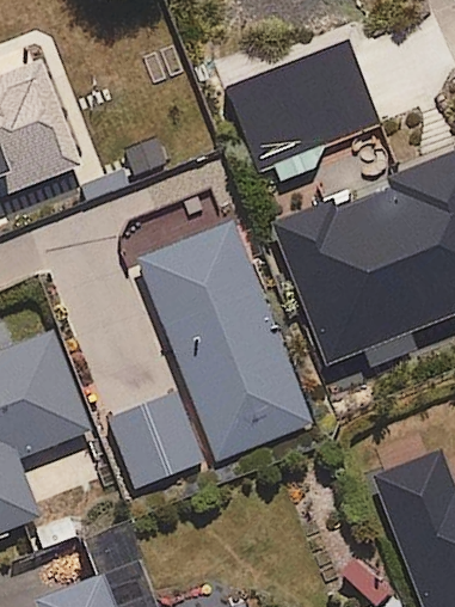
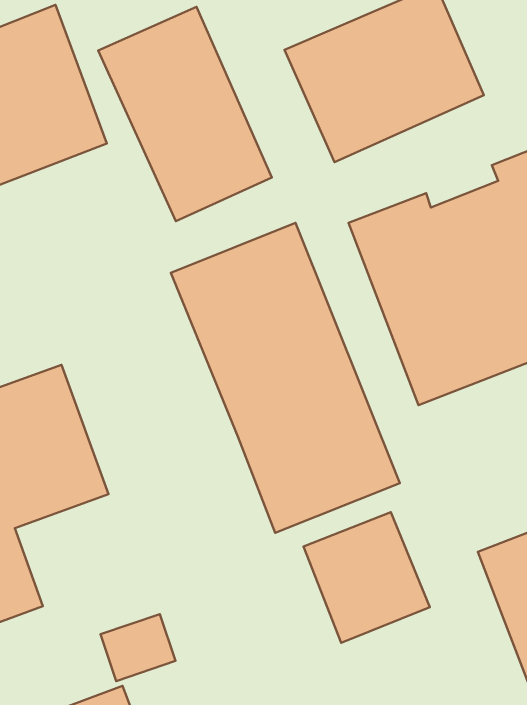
building: none -> [98,7,272,221]
building: [111,391,208,491] -> [304,512,430,643]

